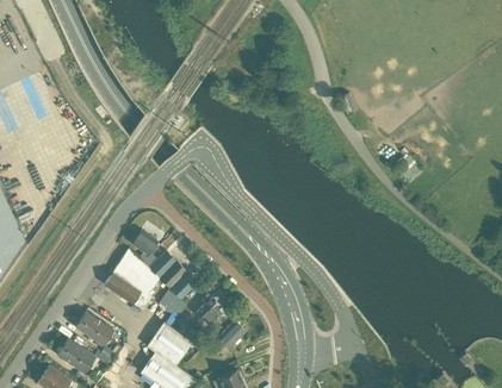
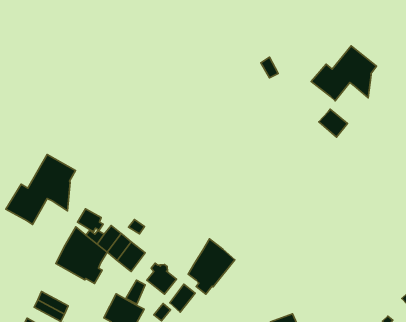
building: none -> [311,46,376,101]
building: none -> [6,155,75,225]
building: none -> [188,239,235,294]

